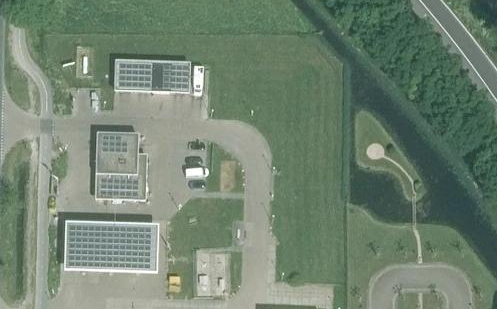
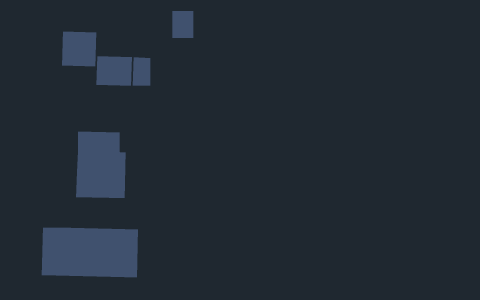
building: none -> [61,31,97,67]
building: [169,60,191,88] -> [171,10,194,39]

